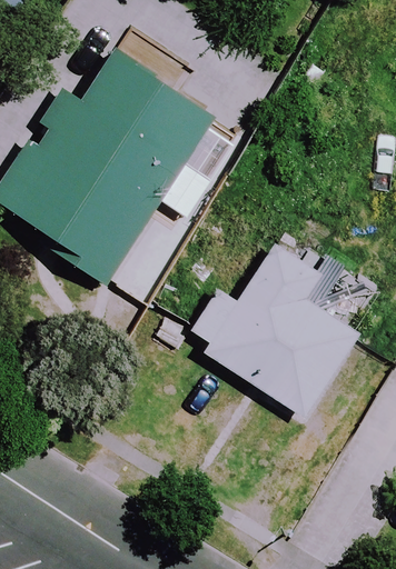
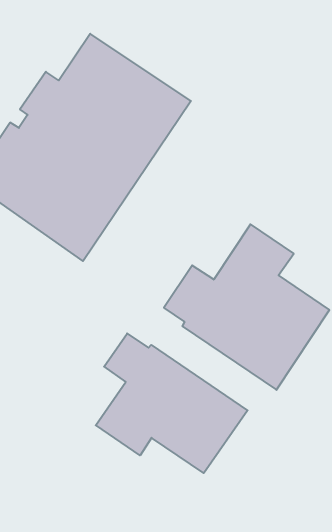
building: none -> [96,333,248,473]

